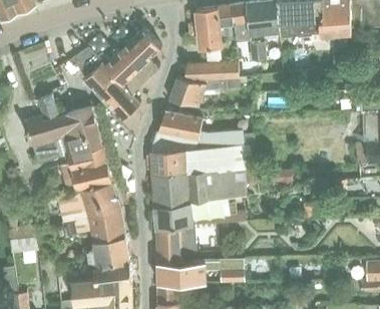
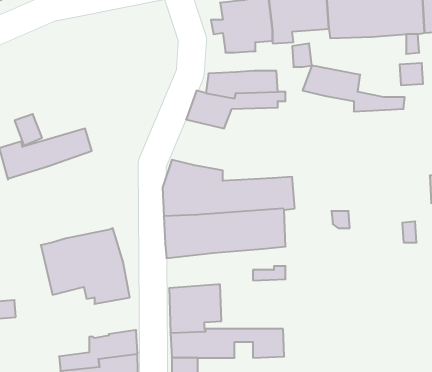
building: [75,29,161,122] -> none
building: [158,112,237,147] -> [303,66,405,111]
building: [34,124,113,195] -> none
building: [154,203,194,230] -> none
building: [88,237,130,268] -> none

